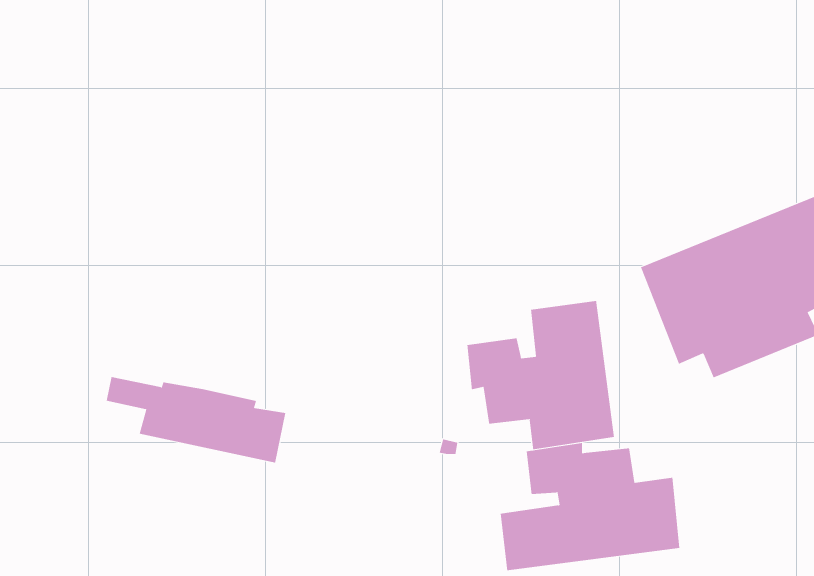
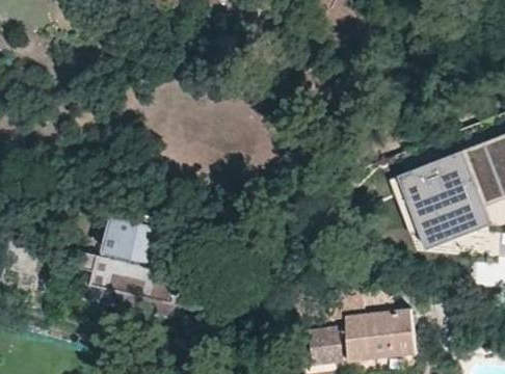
building: [467,300,614,450] -> none
building: none -> [103,215,169,263]

